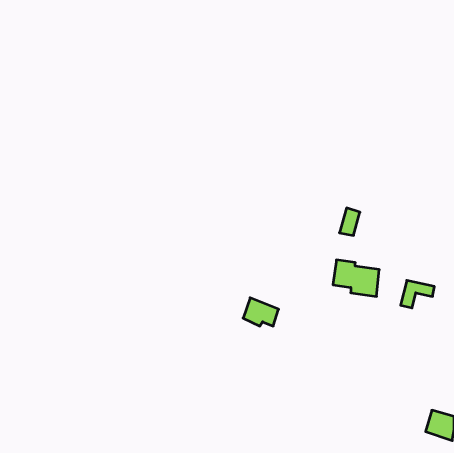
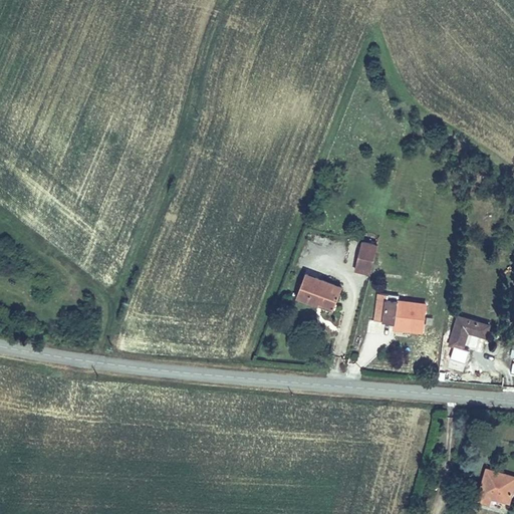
building: [339,208,360,235] -> [353,244,376,275]
building: [243,298,279,326] -> [297,276,337,308]

